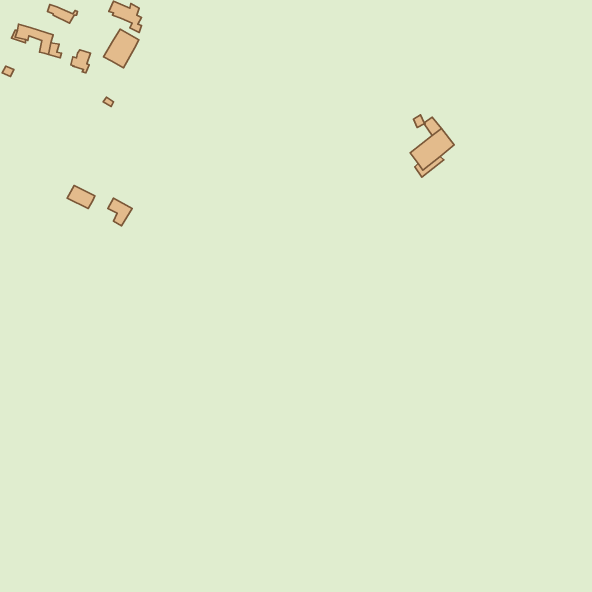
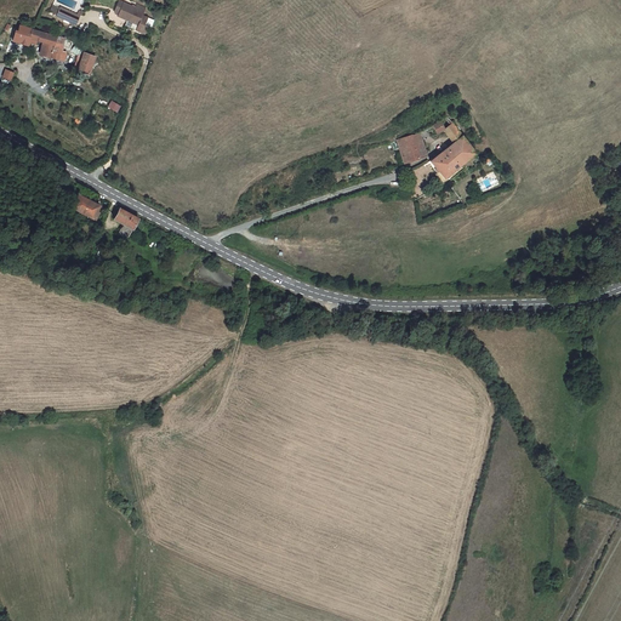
building: [103,29,139,68] -> none
building: none -> [397,132,426,163]

